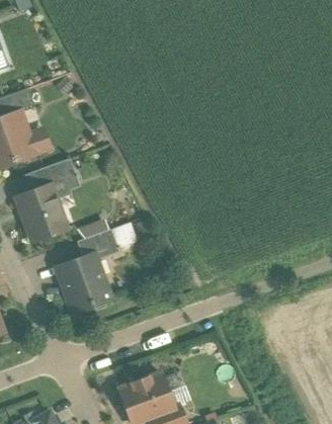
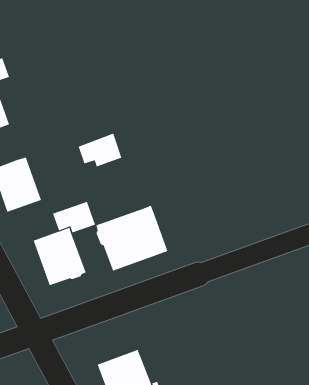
building: [34,158,78,191] -> [78,133,122,167]
building: none -> [96,205,168,272]

